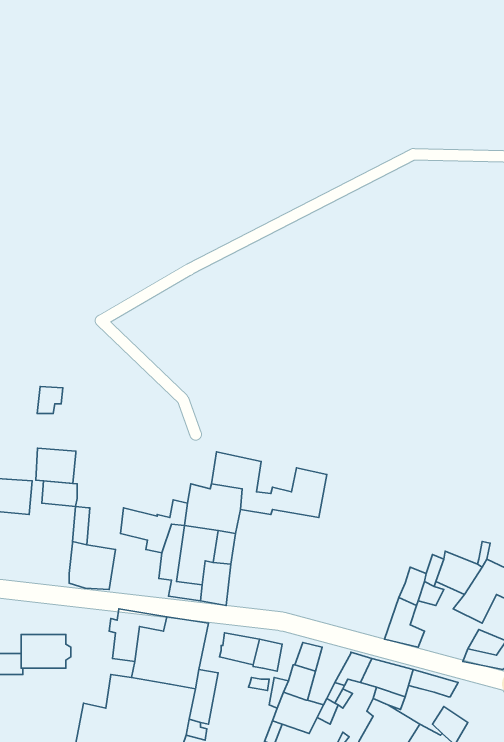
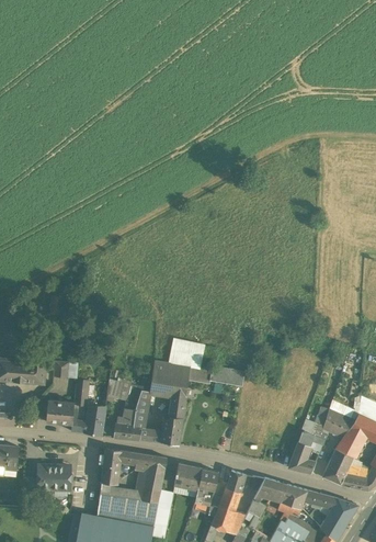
building: [36,448,76,483] -> [46,399,73,424]
building: none -> [113,407,141,441]
building: none -> [321,448,354,485]
building: none -> [328,498,356,526]

